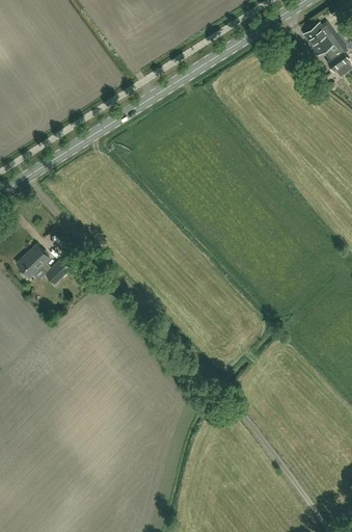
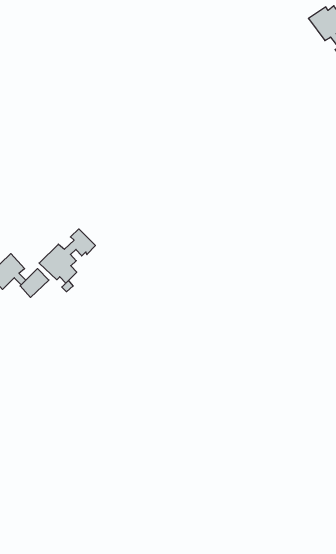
building: none -> [39,229,95,283]

